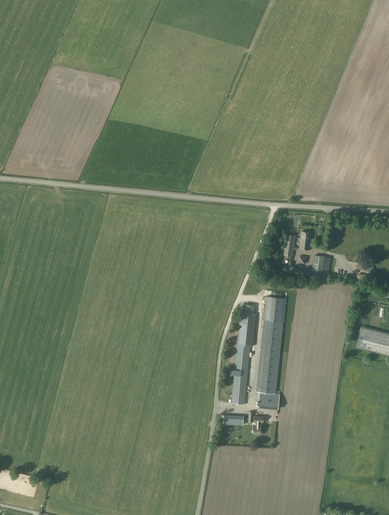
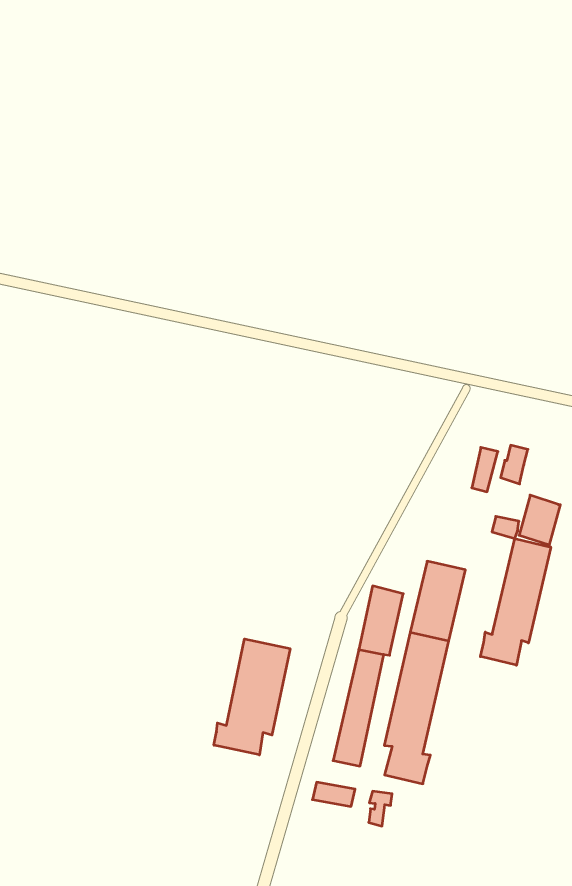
building: none -> [480,539,551,665]
building: none -> [214,639,290,755]

